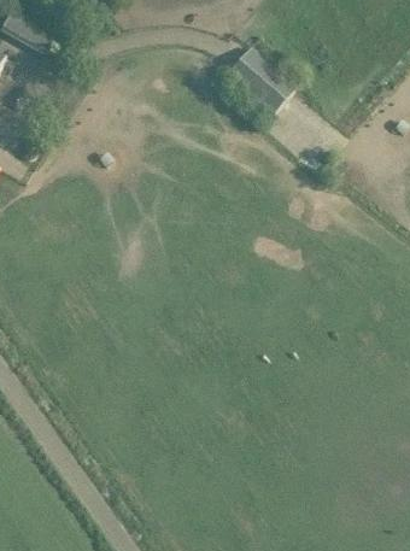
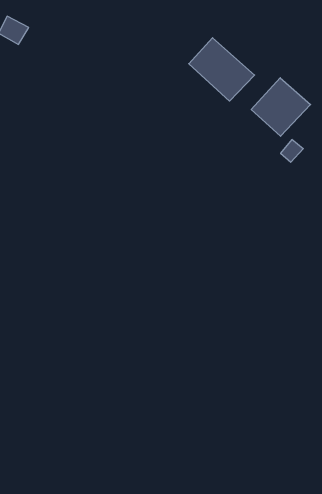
building: none -> [251,78,311,136]

